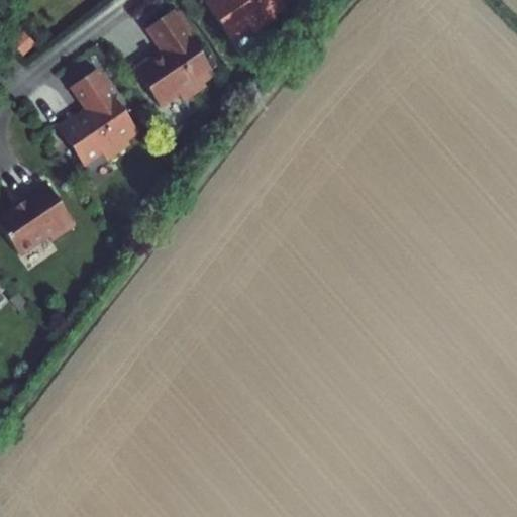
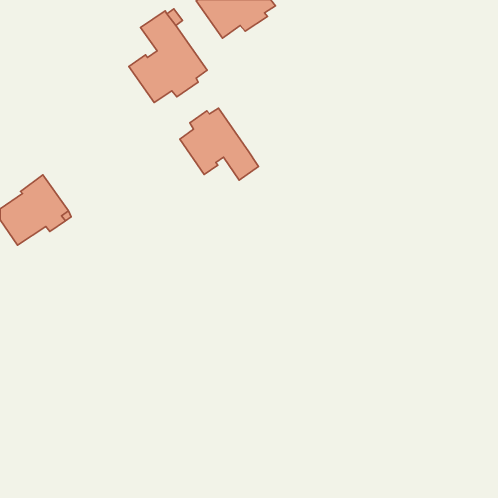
building: [58,70,139,166] -> none
building: none -> [180,108,259,180]

